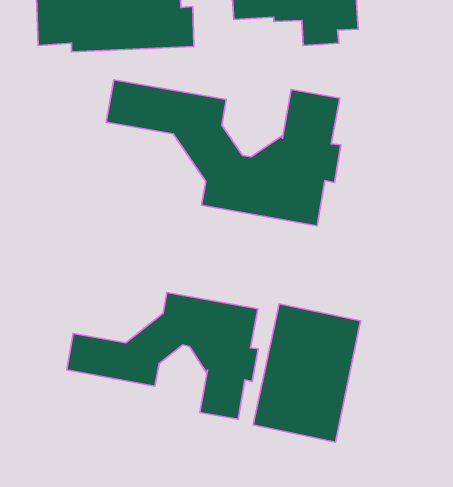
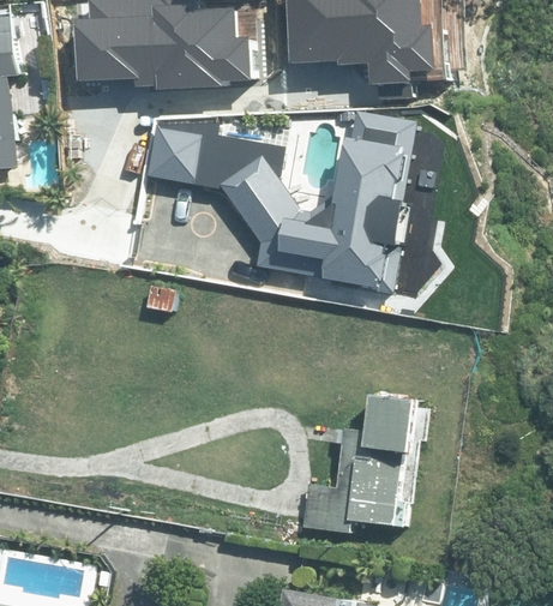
building: [67,293,258,419] -> none

